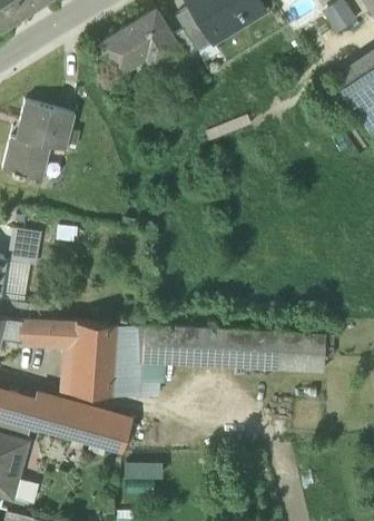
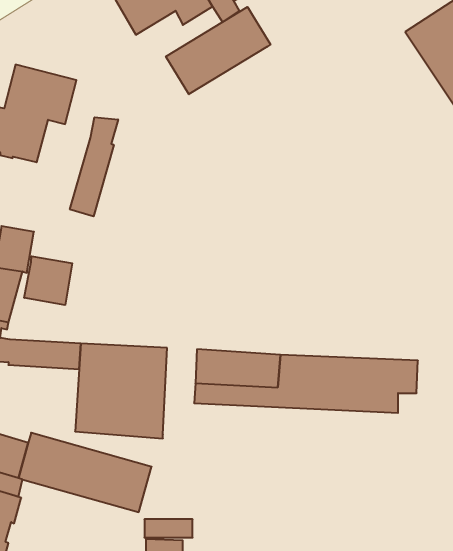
building: none -> [166,7,270,94]
building: none -> [70,117,118,216]
building: none -> [24,256,72,305]
building: [140,325,167,394] -> none

